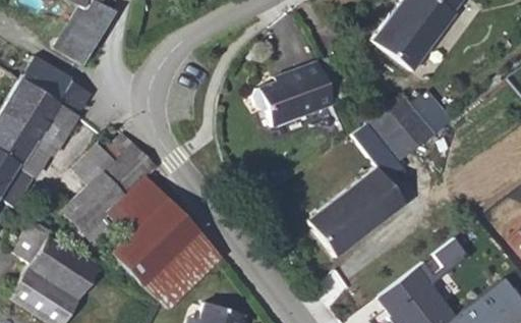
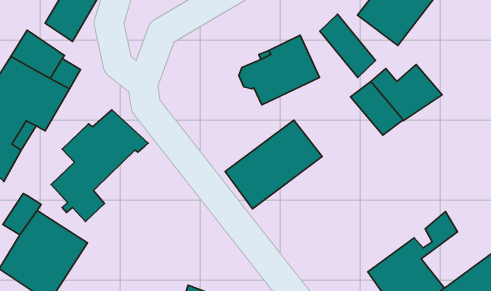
building: none -> [320,14,376,77]
building: [303,165,401,255] -> [225,120,322,209]
building: [107,175,223,310] -> none

